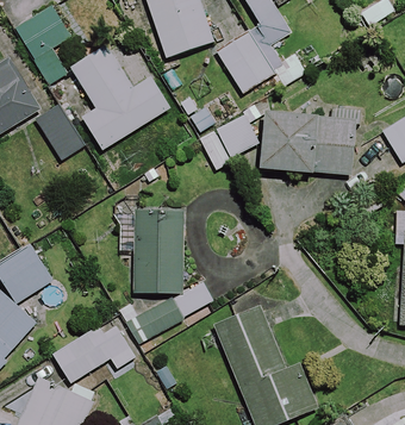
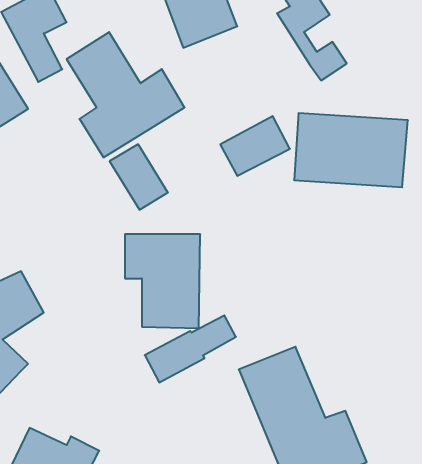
building: [216,29,274,92] -> none
building: [36,104,85,158] -> [110,144,168,210]
building: [51,320,133,381] -> none

